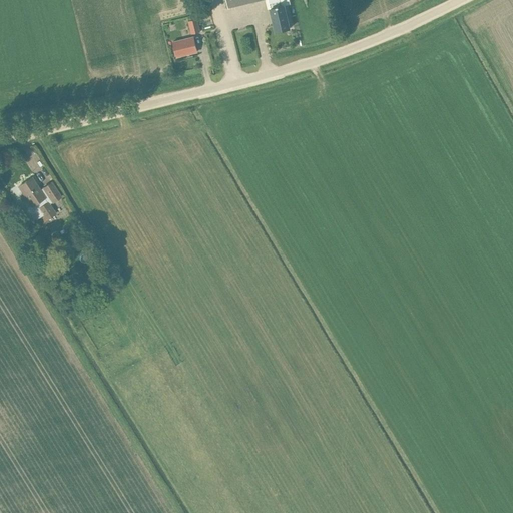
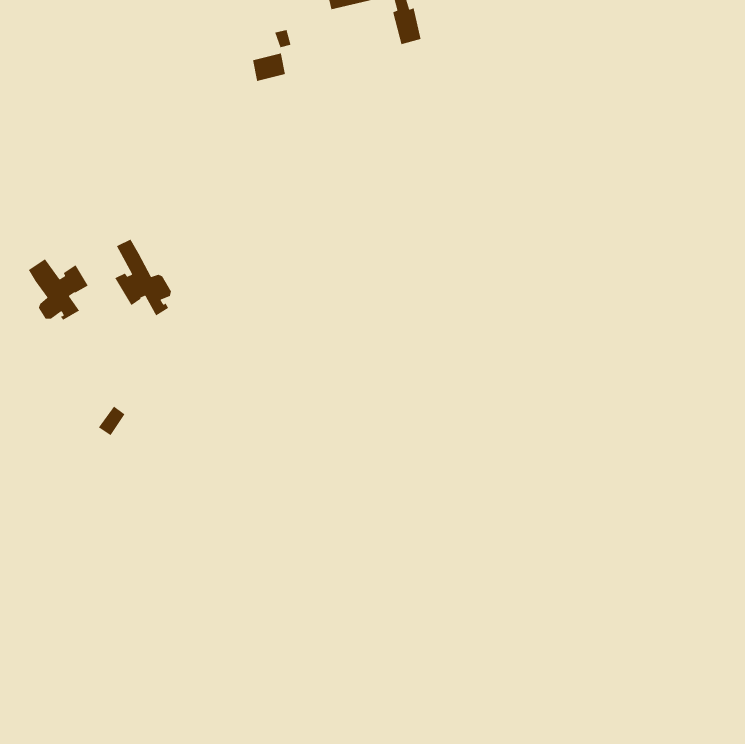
building: none -> [114,238,172,316]

